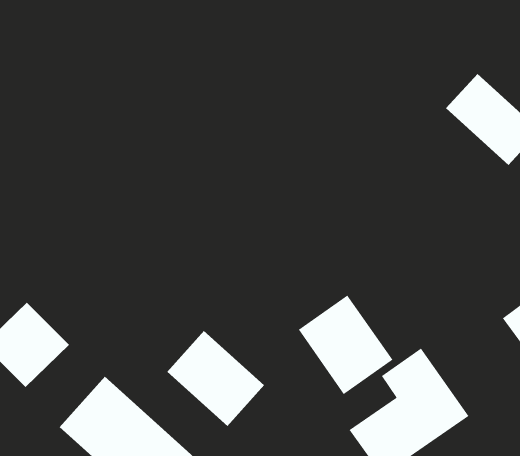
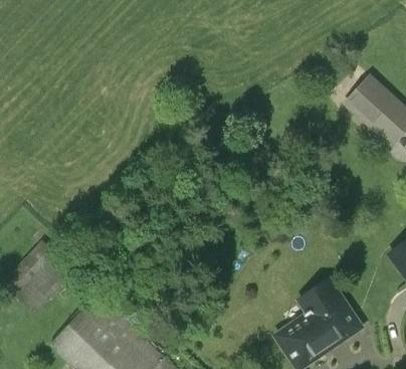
building: [298,294,393,395] -> none
building: [166,330,265,427] -> none

